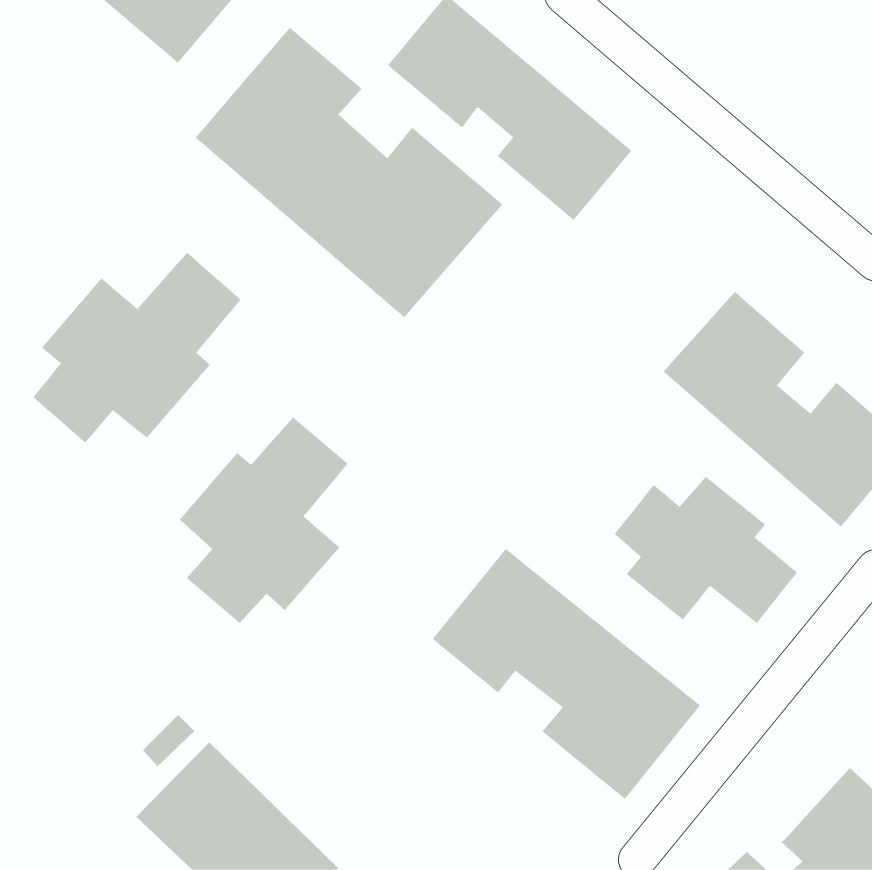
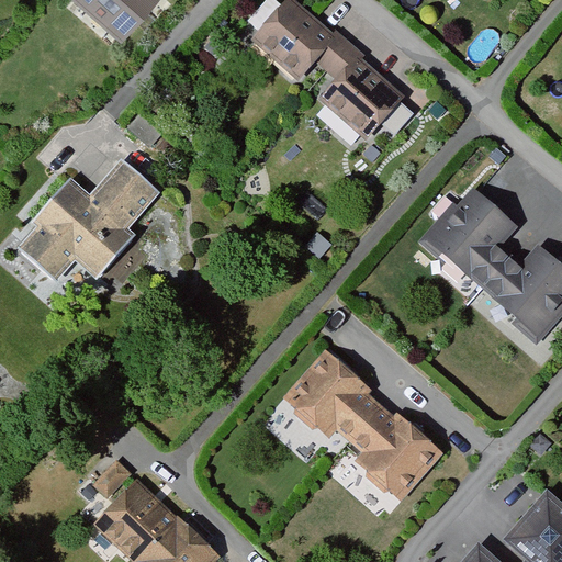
building: [195,27,503,318] -> none
building: [179,416,349,624] -> none
building: [614,476,798,624] -> none

